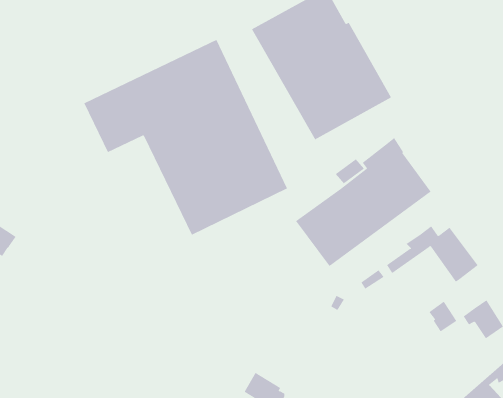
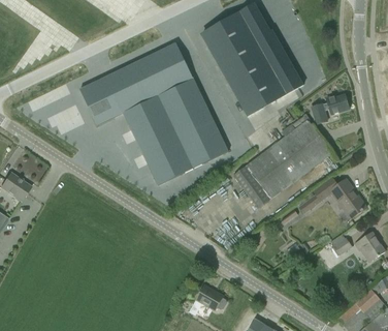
building: none -> [310,93,349,123]

